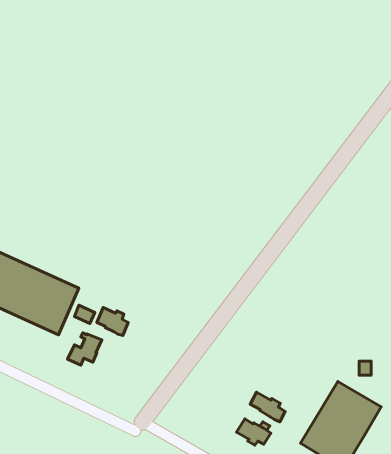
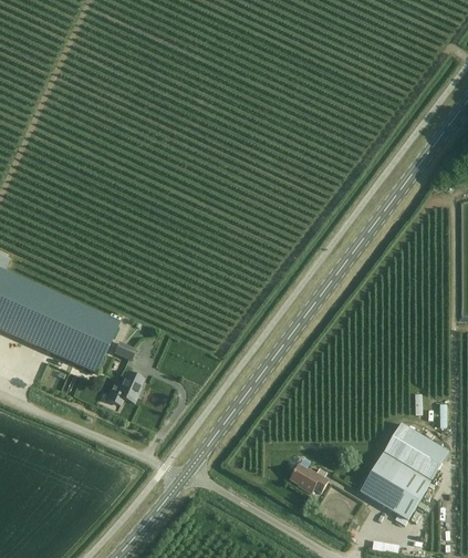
building: [97,307,128,335] -> none
building: [250,392,285,422] -> none

